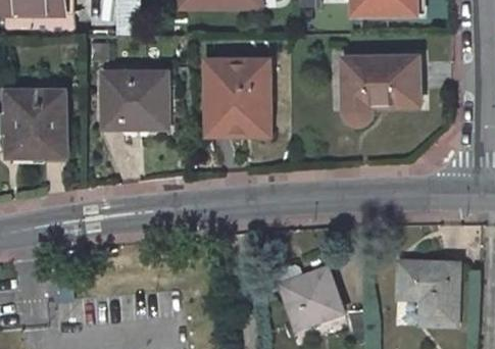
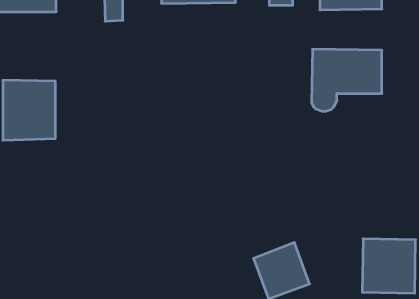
building: [203,60,267,136] -> none
building: [104,71,169,127] -> none

